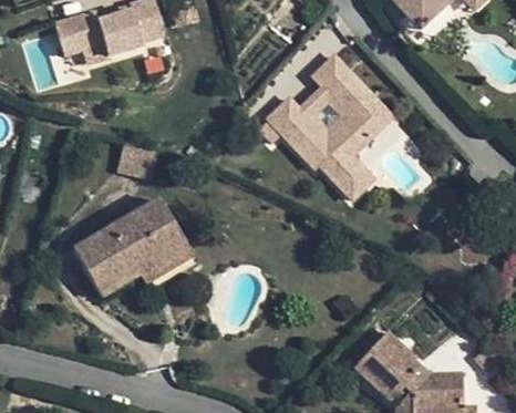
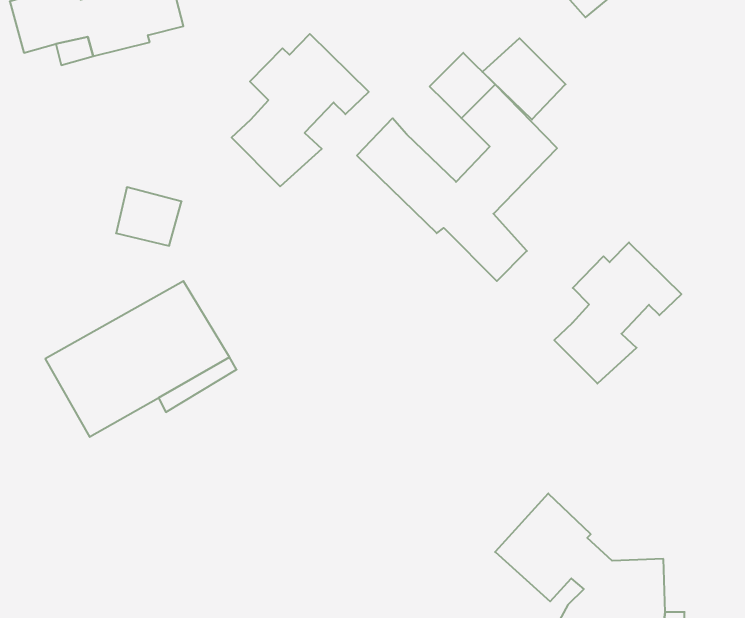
building: none -> [232,34,369,186]
building: [300,85,352,136] -> [482,38,566,120]
building: none -> [554,242,681,384]

